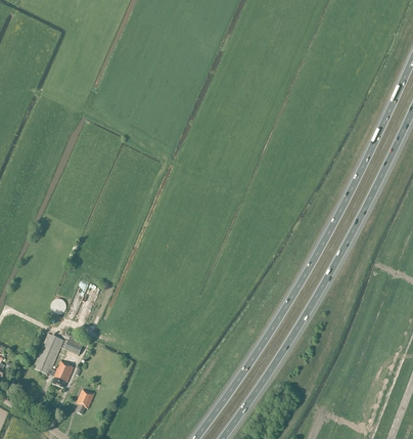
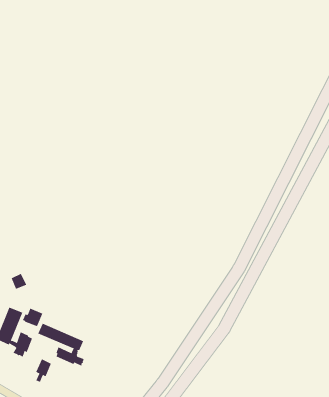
building: none -> [38,323,84,367]

